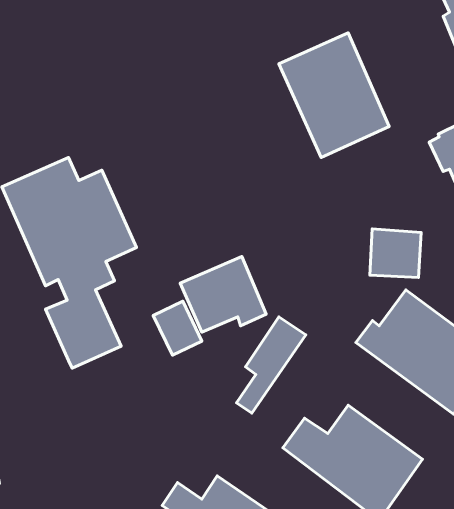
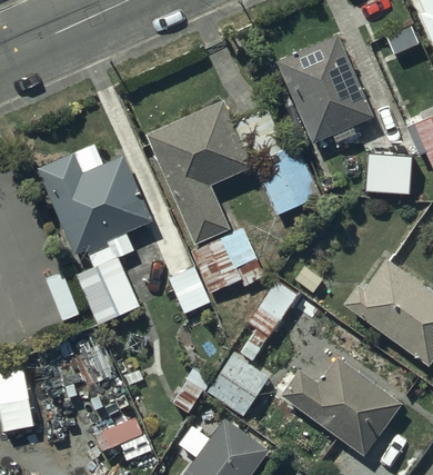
building: none -> [145,100,321,244]
building: [370,229,421,278] -> [365,150,410,192]
building: none -> [207,354,269,417]

